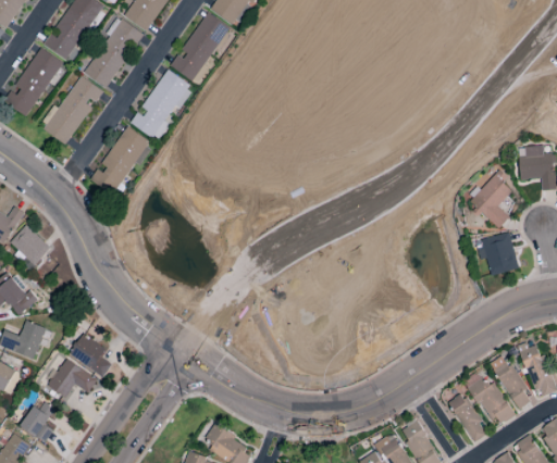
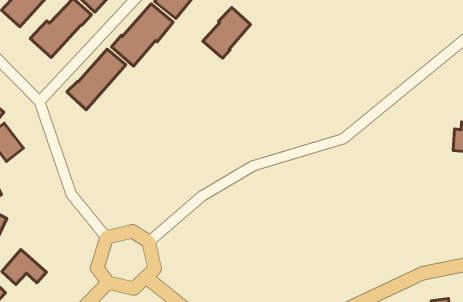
building: none -> [203,7,251,58]
building: [467,170,512,229] -> none
building: [475,232,519,275] -> none
building: [69,334,112,377] -> none

